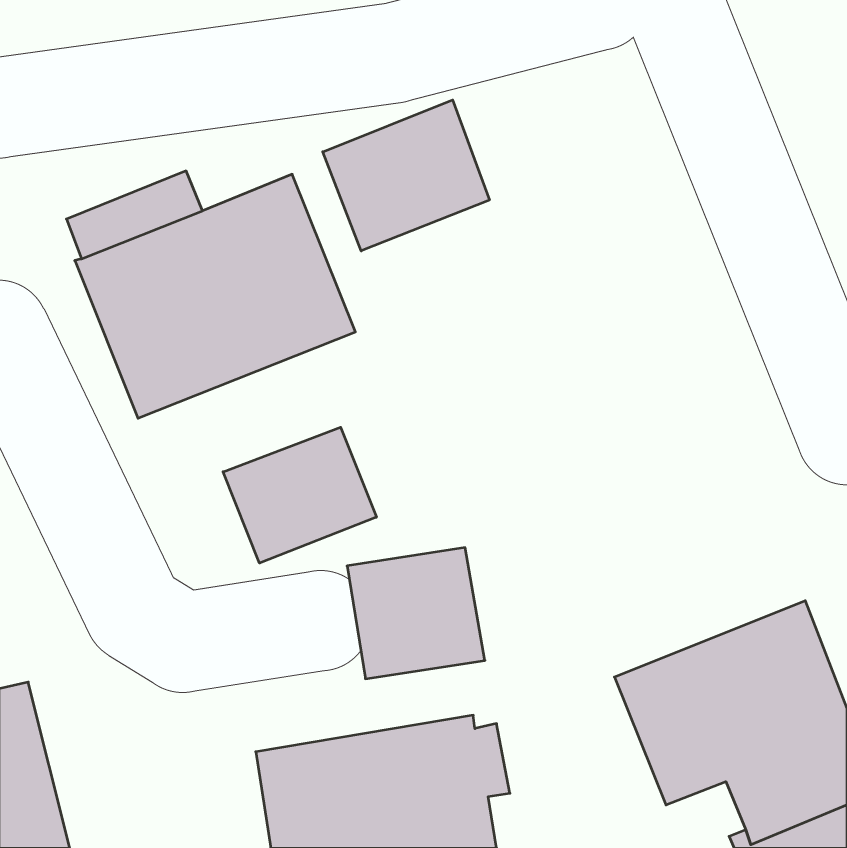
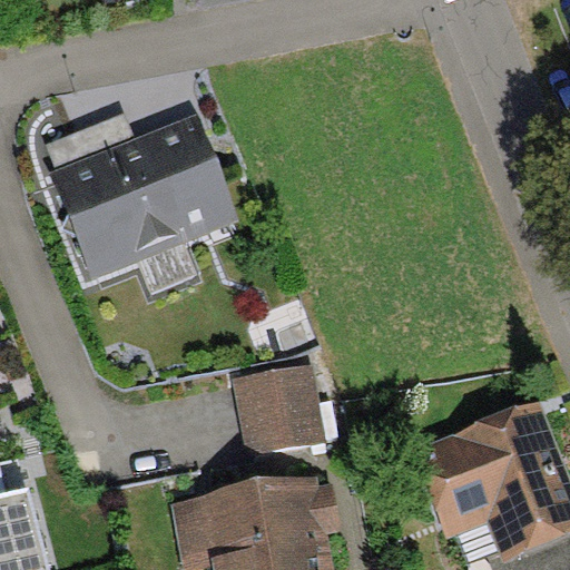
building: [323,100,489,251] -> none
building: [223,427,376,563] -> none

